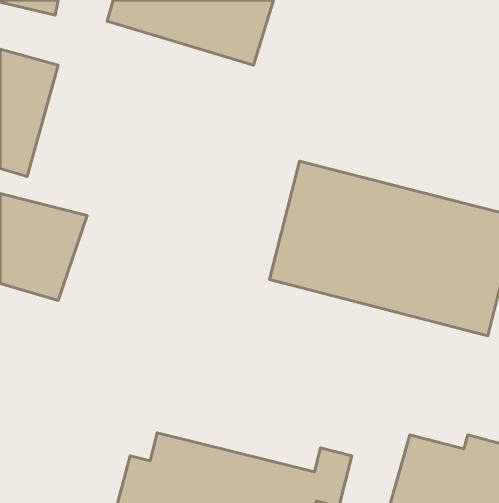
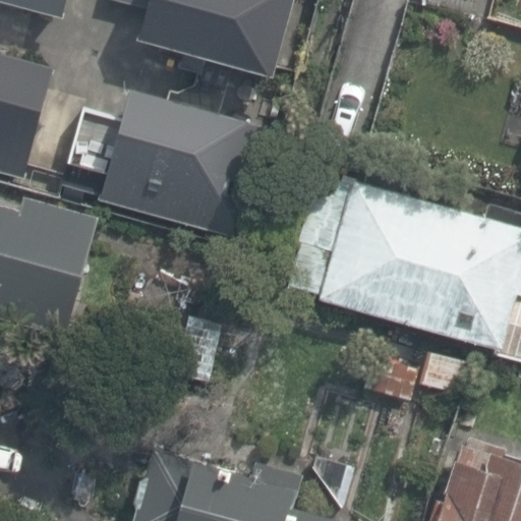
building: none -> [90,81,236,232]

